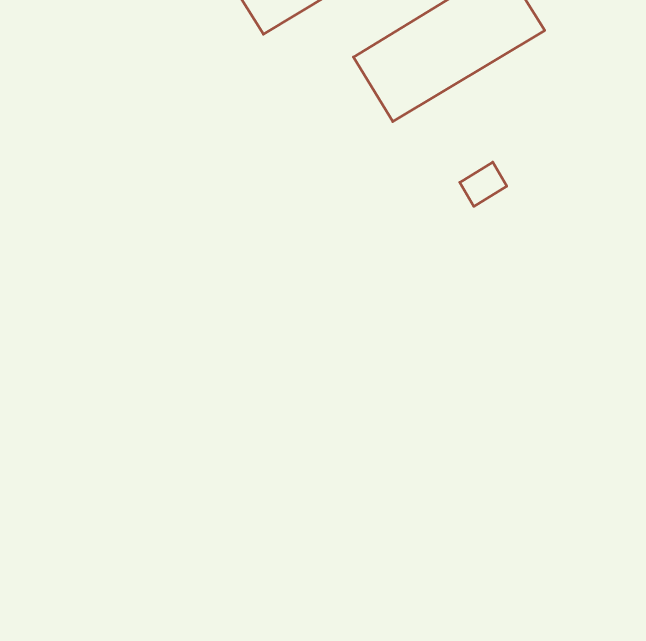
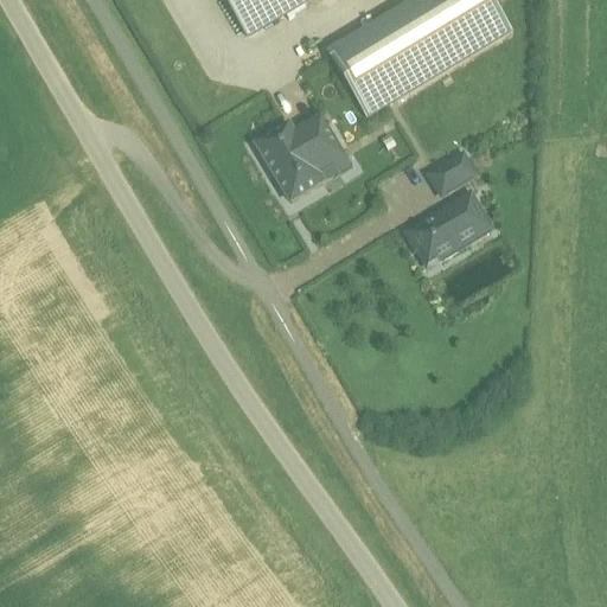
building: none -> [263,120,351,199]
building: none -> [410,192,485,260]

